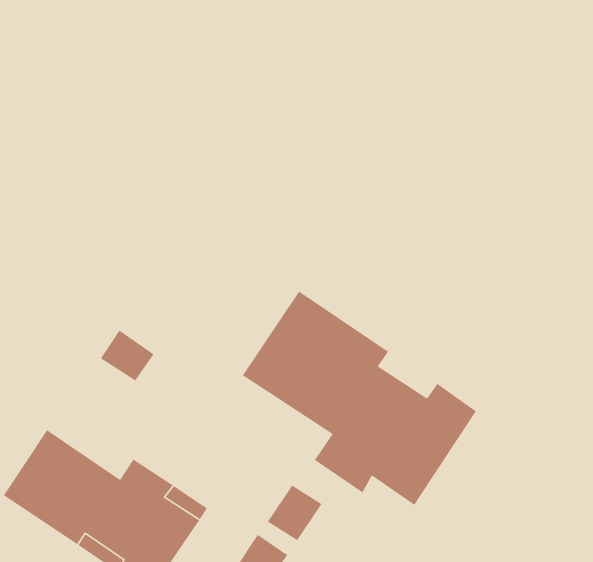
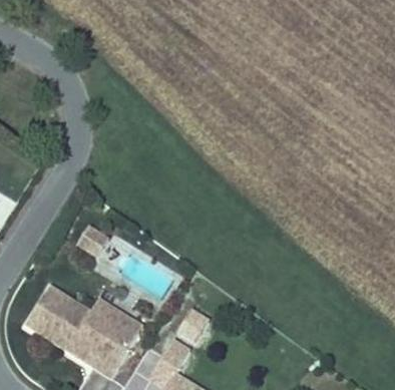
building: [242,291,477,506] -> none

